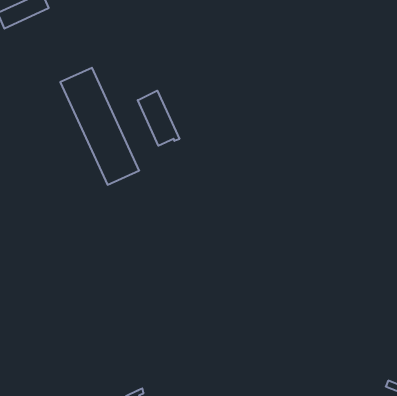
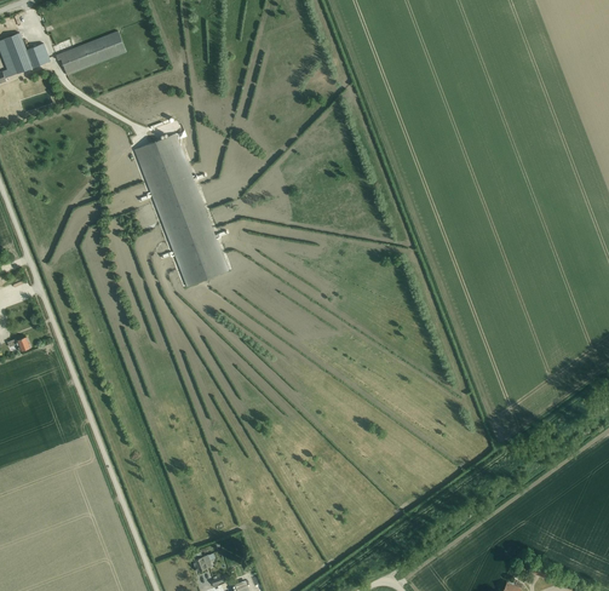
building: [138,91,179,146] -> none

